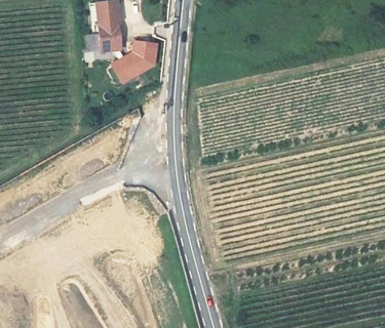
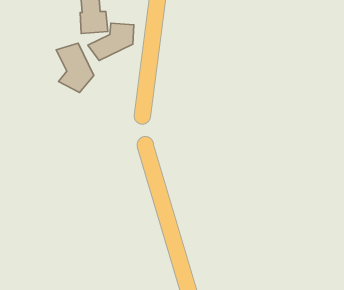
building: none -> [56,43,94,93]

